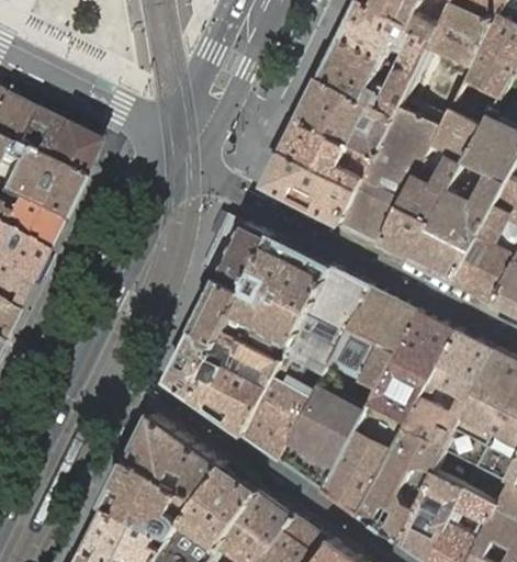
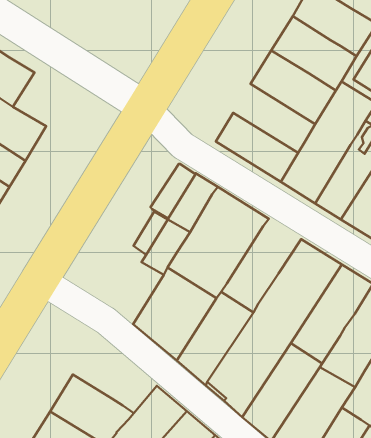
building: [283,120,376,192] -> none
building: [35,128,94,188] -> none
building: [288,269,372,375] -> none
building: [169,330,222,401] -> none
building: [130,417,225,501] -> none

